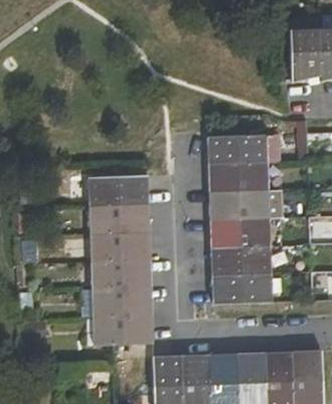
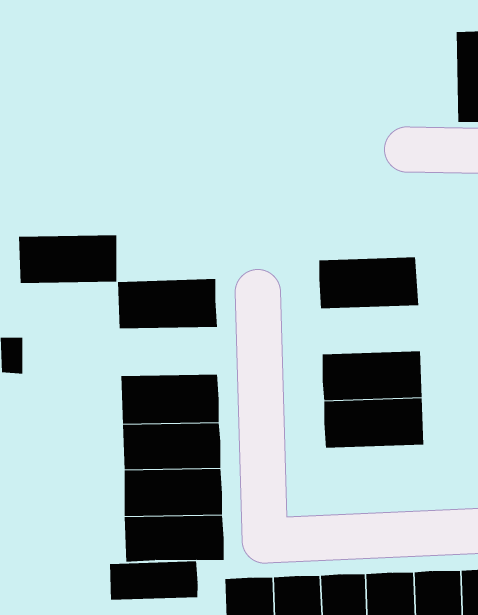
building: [207,134,267,165] -> none
building: [209,192,270,221] -> none
building: [89,205,148,234] -> [18,235,117,284]
building: [212,275,273,304] -> none
building: none -> [109,560,198,601]

